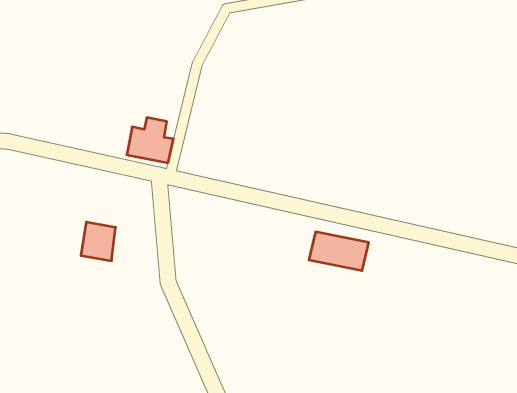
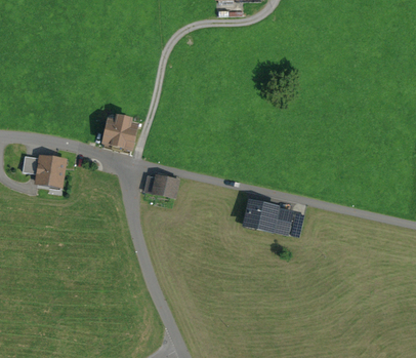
building: none -> [151,174,179,199]
building: [81,222,116,261] -> [36,157,63,187]

